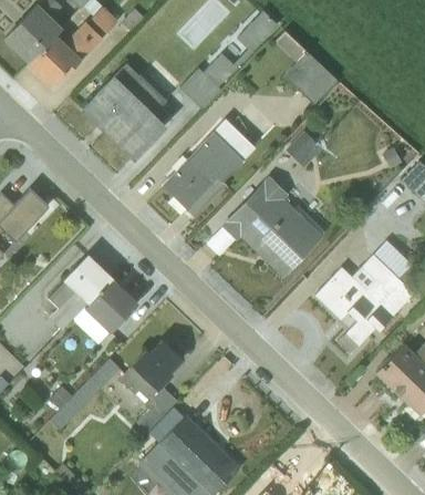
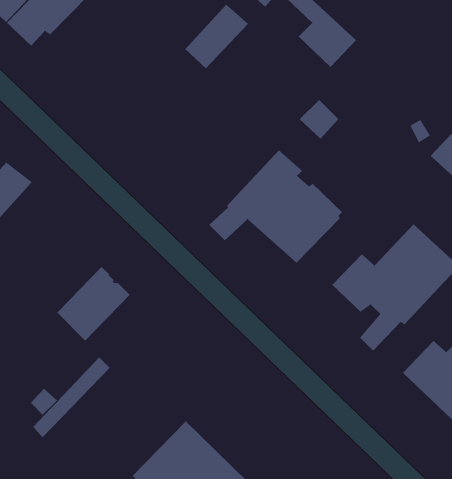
building: [81,62,167,158] -> none
building: [163,118,255,215] -> none
building: [48,255,112,329] -> none
building: [120,341,180,431] -> none

